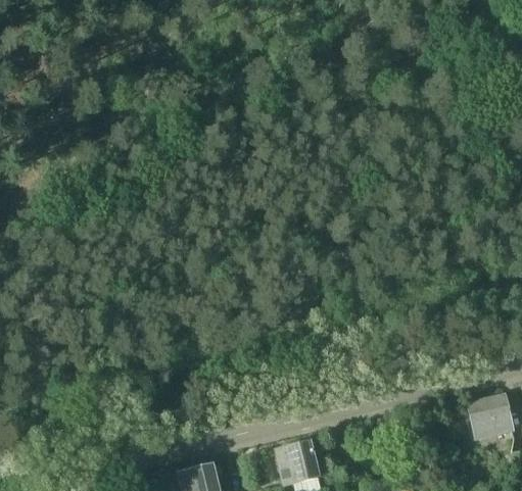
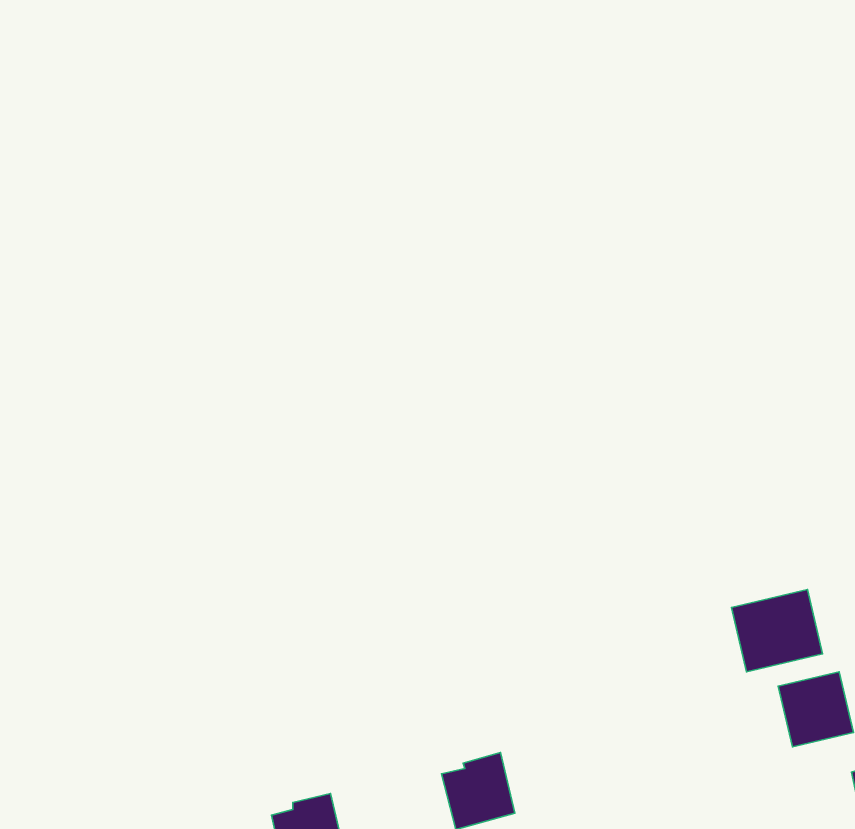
building: none -> [731,590,823,672]

